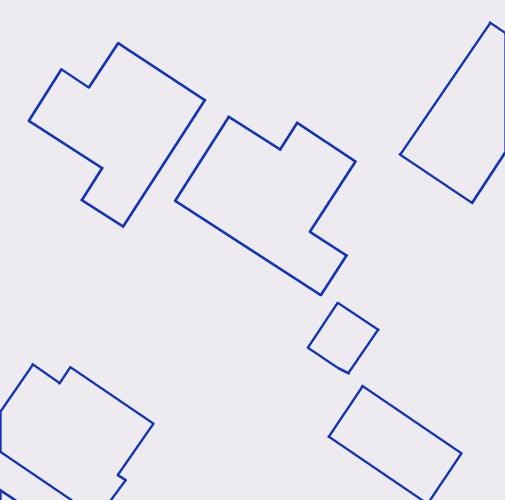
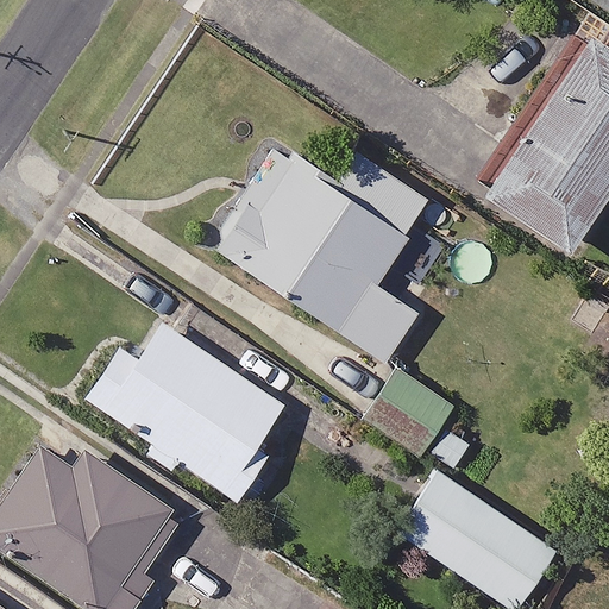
building: [29,43,205,227] -> none
building: none -> [87,325,284,502]

